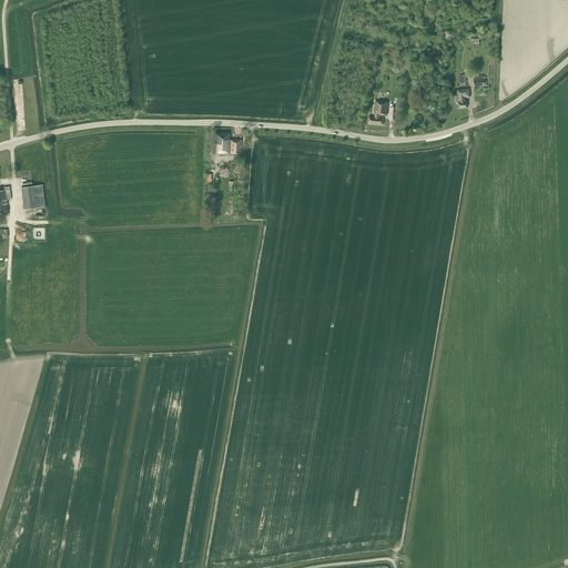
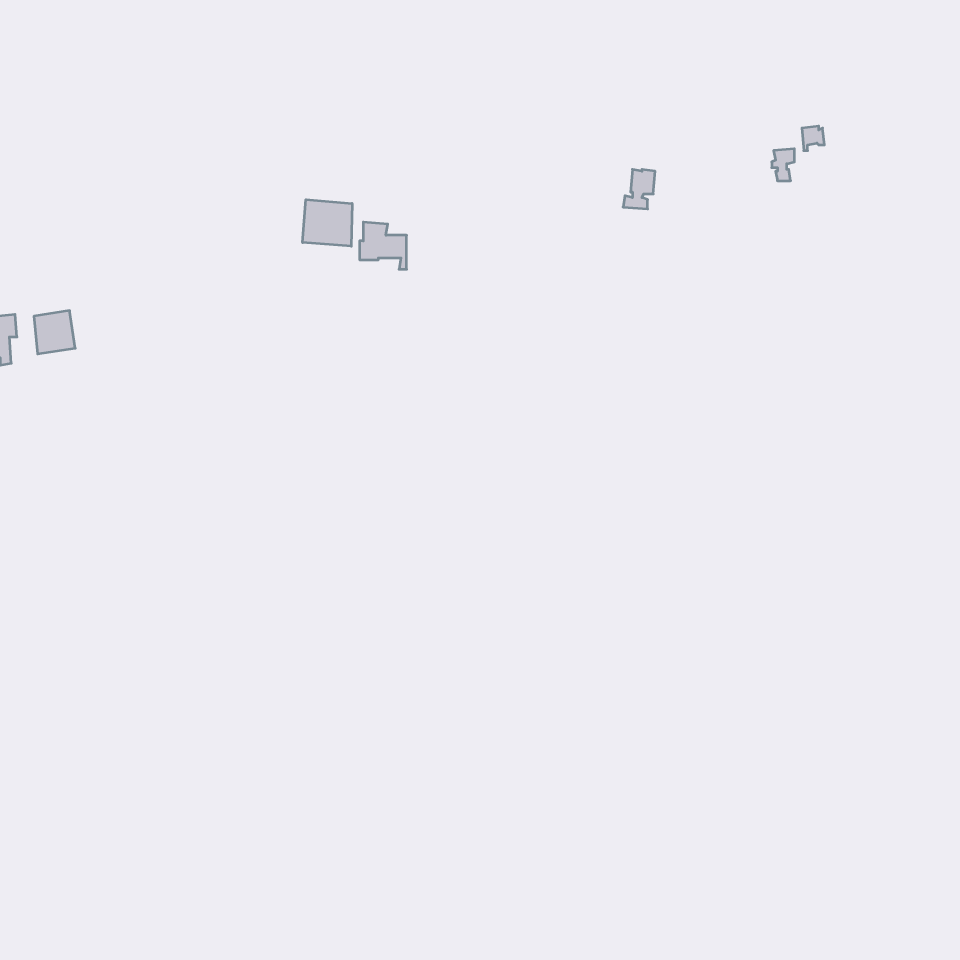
building: none -> [303,200,352,246]

